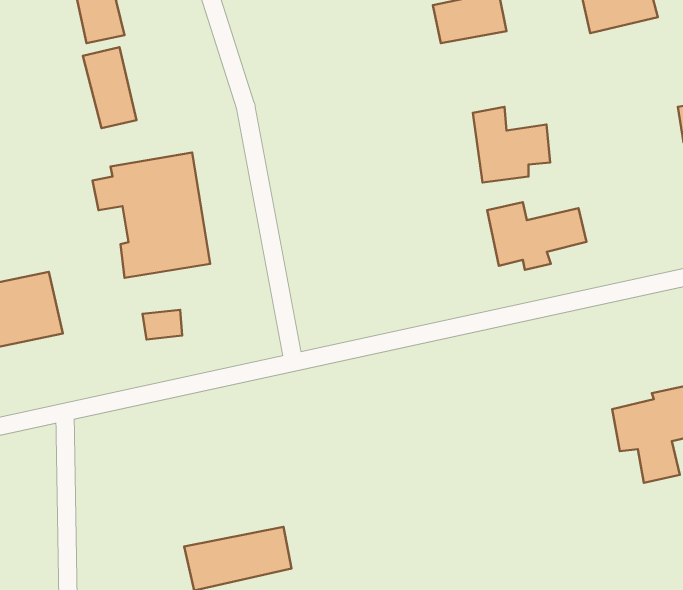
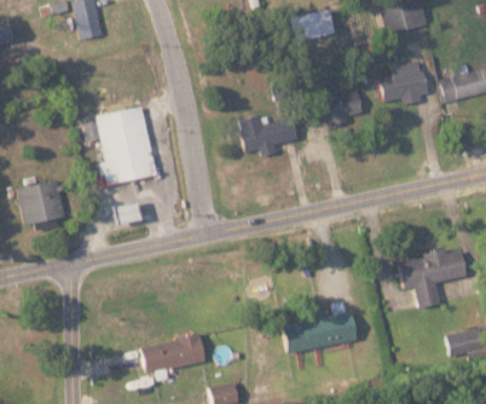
building: [83,47,136,128] -> none
building: none -> [381,59,428,102]
building: [487,202,587,270] -> [238,114,299,155]
building: none -> [284,312,358,352]

